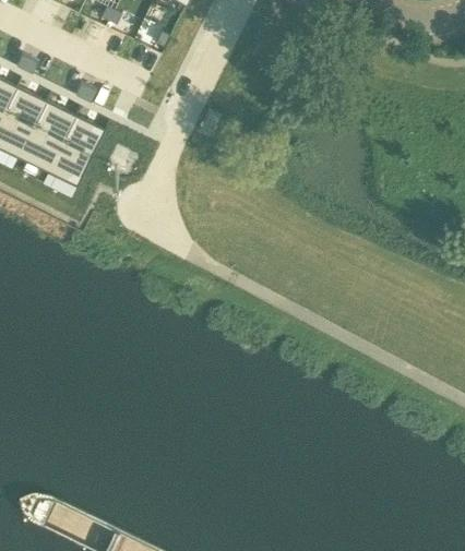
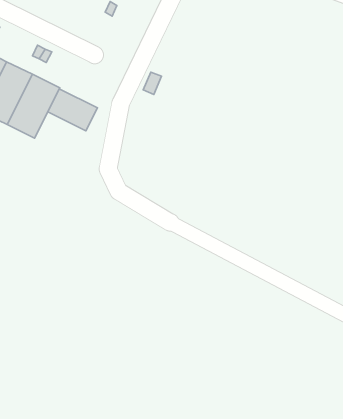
building: none -> [48,89,97,131]

